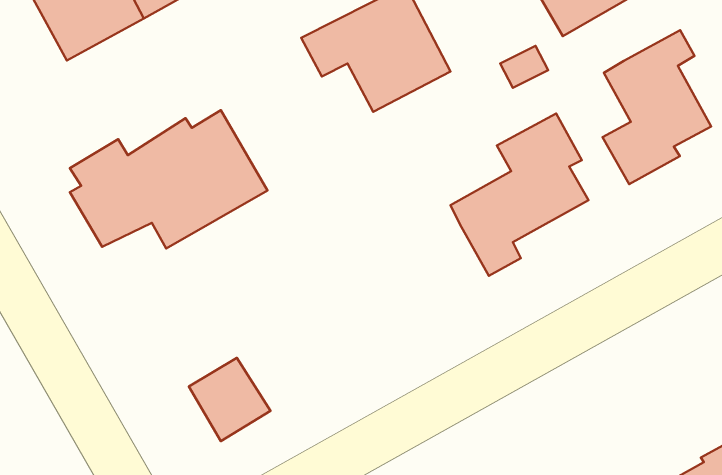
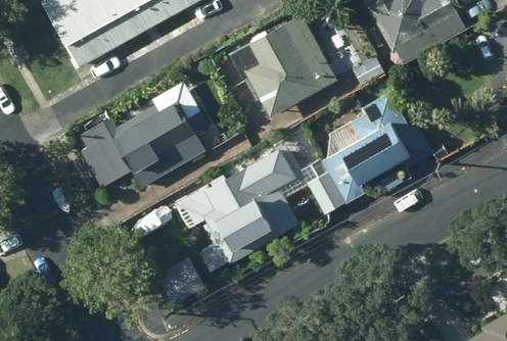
building: [603,30,711,184] -> none
building: none -> [182,145,347,271]

